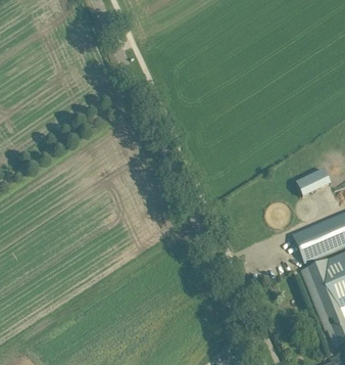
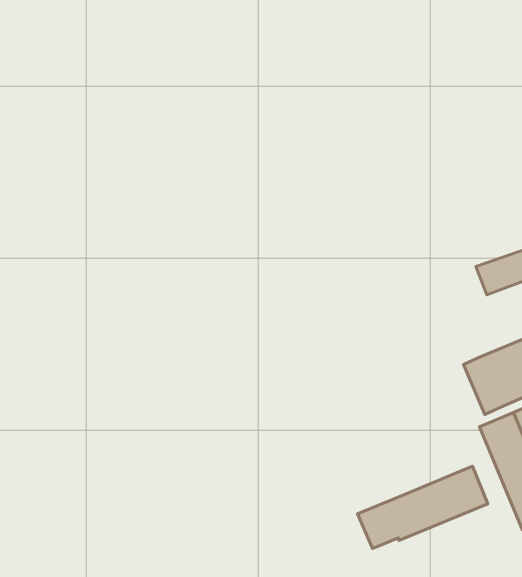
building: none -> [358,466,488,548]

